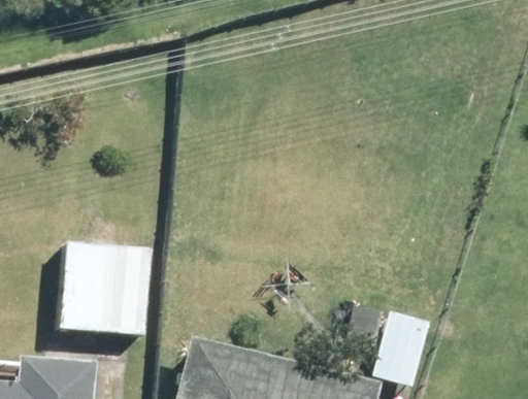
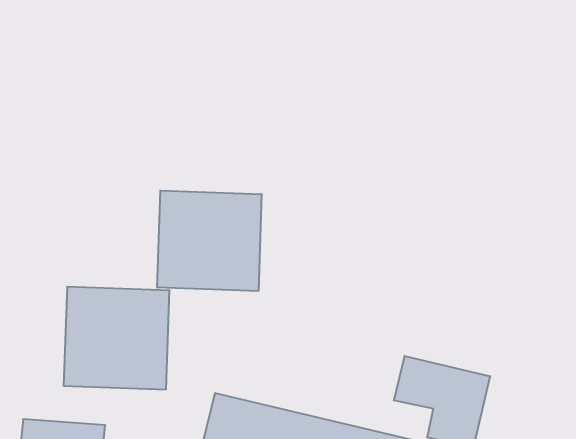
building: none -> [157,190,262,291]

